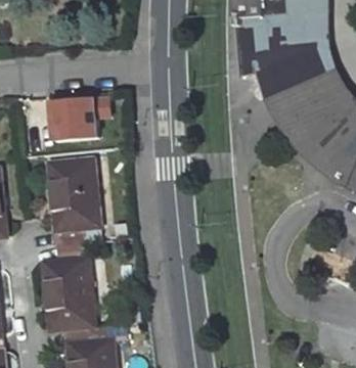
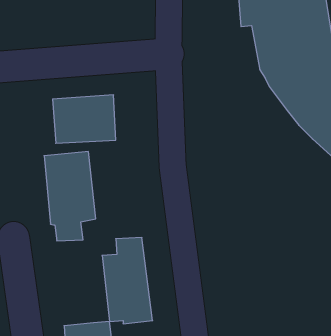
building: [45,241,94,325] -> [102,238,153,324]

